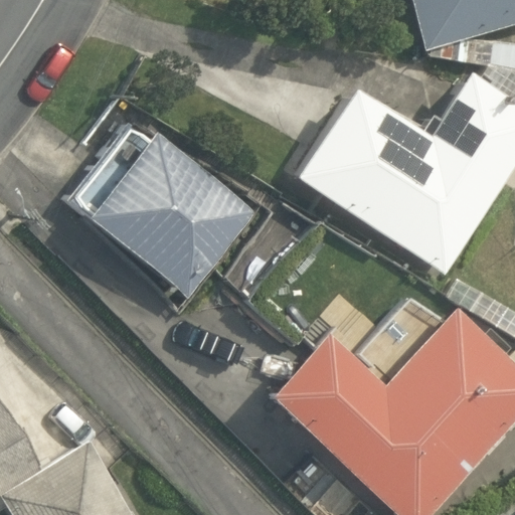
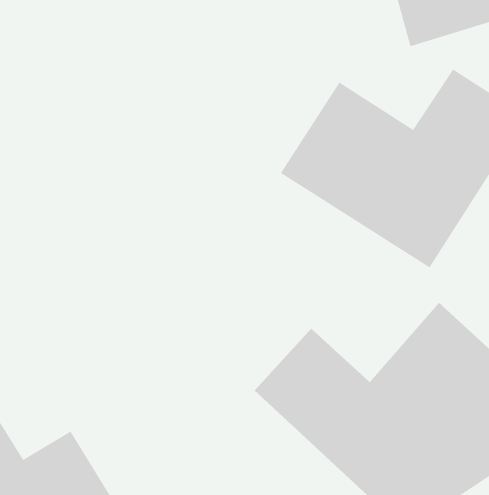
building: [73,125,255,300] -> none

